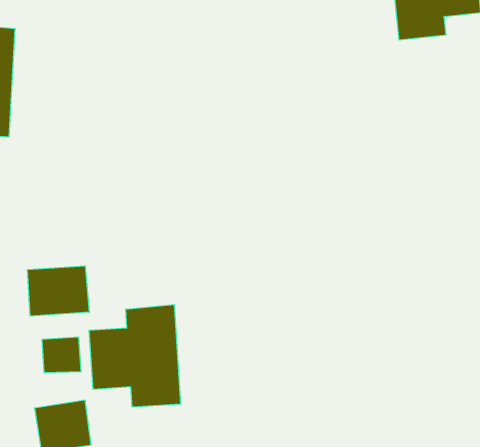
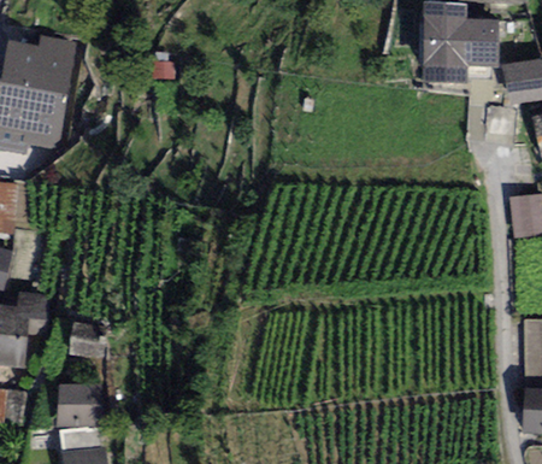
building: [28,266,89,316] -> none
building: [89,305,181,407] -> none

